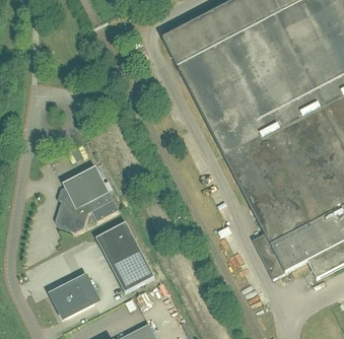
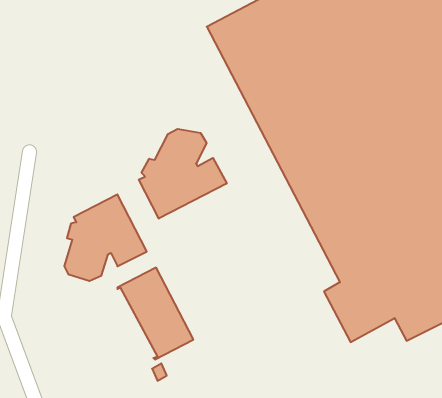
building: none -> [139,129,227,219]
building: [52,276,94,314] -> none

